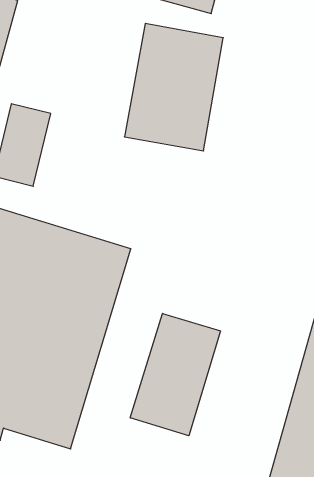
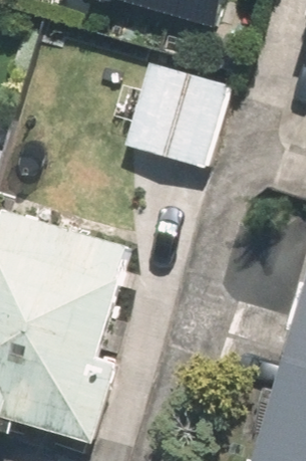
building: [130,313,220,436] -> none

